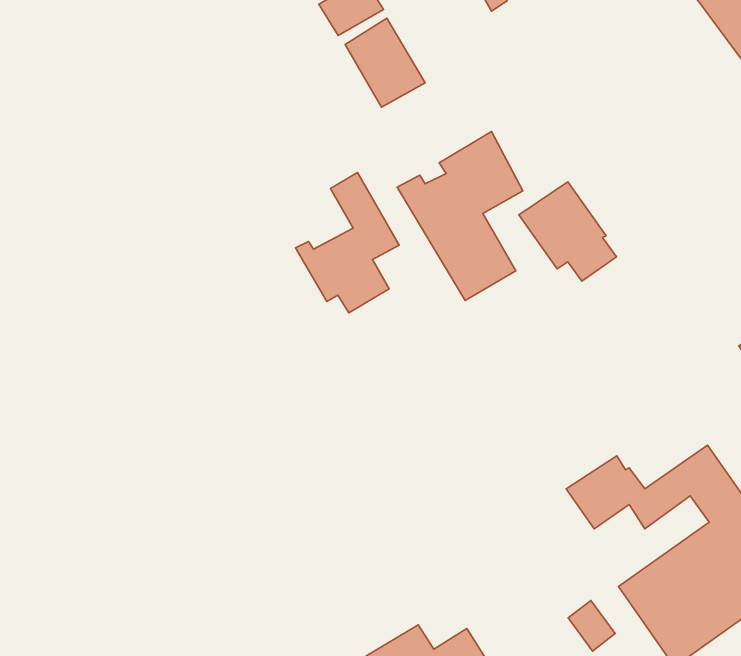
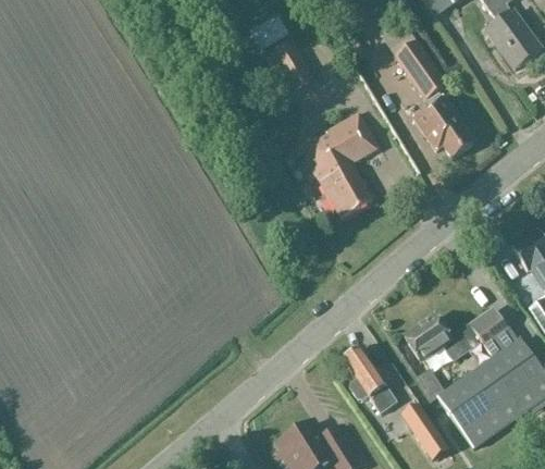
building: none -> [396,41,449,100]
building: [296,173,399,313] -> none
building: [519,182,617,281] -> [412,95,473,157]
building: none -> [344,346,397,411]

